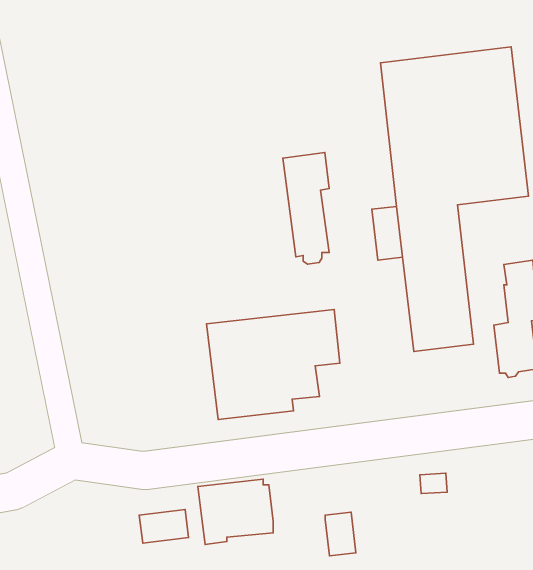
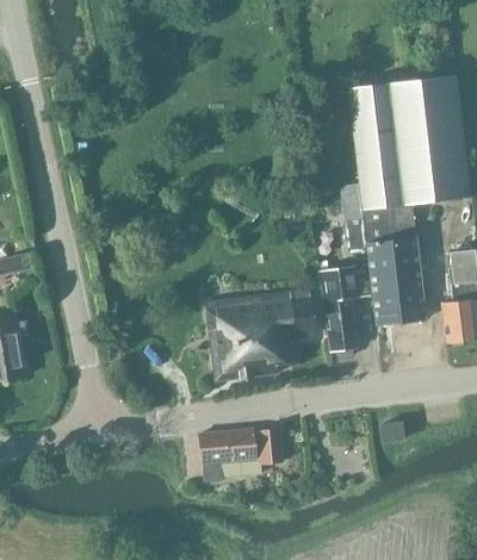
building: [283,152,329,264] -> [321,266,359,357]
building: [139,509,189,543] -> none
building: [325,512,356,556] -> [258,428,283,463]

